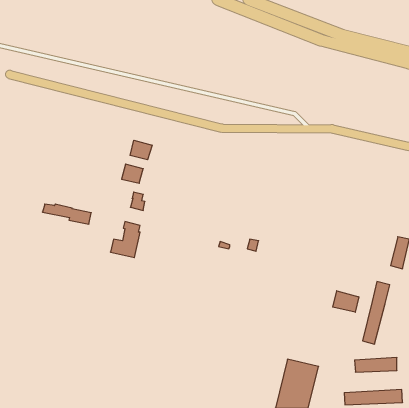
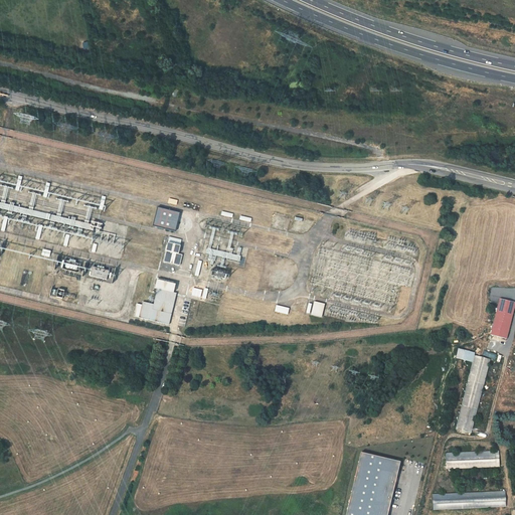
building: [130,140,152,160] -> none
building: [333,291,359,312] -> none

